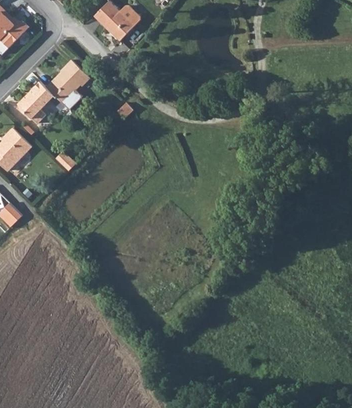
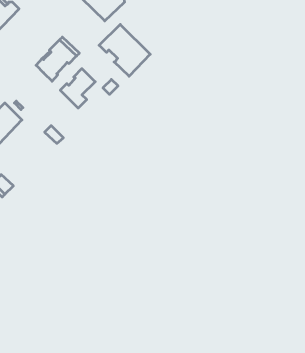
building: none -> [99,24,150,76]
building: [17,81,54,123] -> [60,69,95,108]

